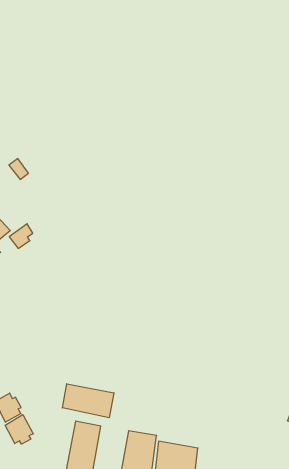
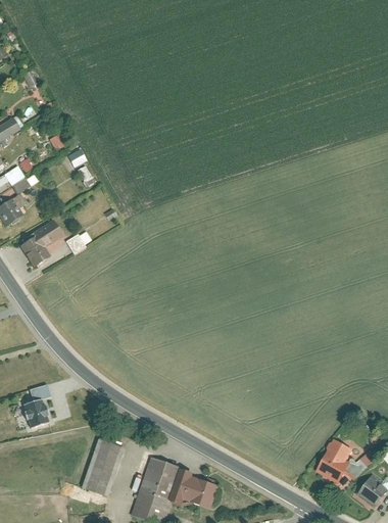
building: [62,384,114,418] -> none
building: [5,415,33,444] -> none

